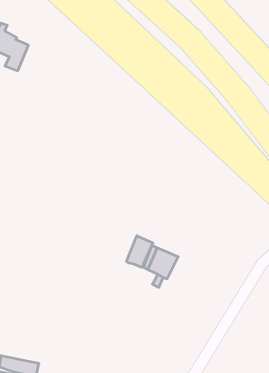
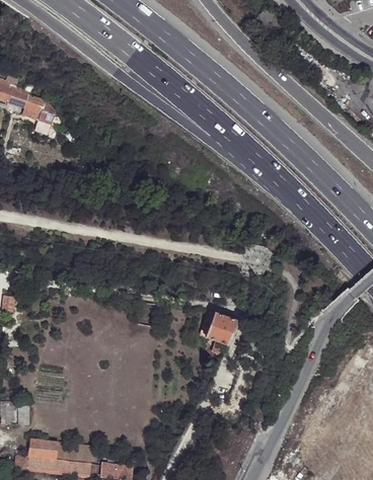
building: [127,236,153,267] -> none

